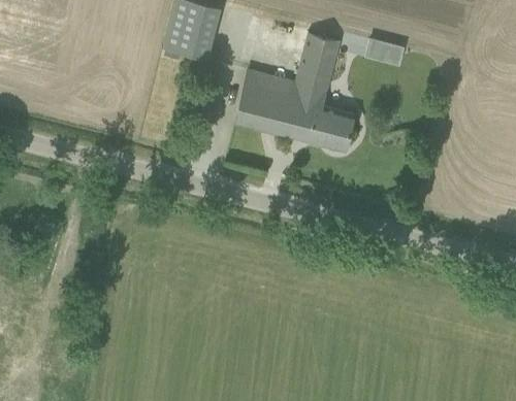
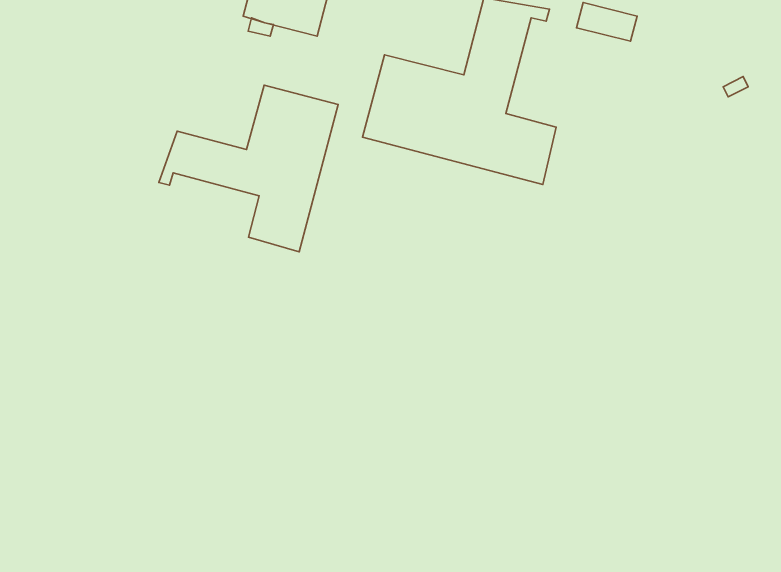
building: none -> [159,85,338,252]

